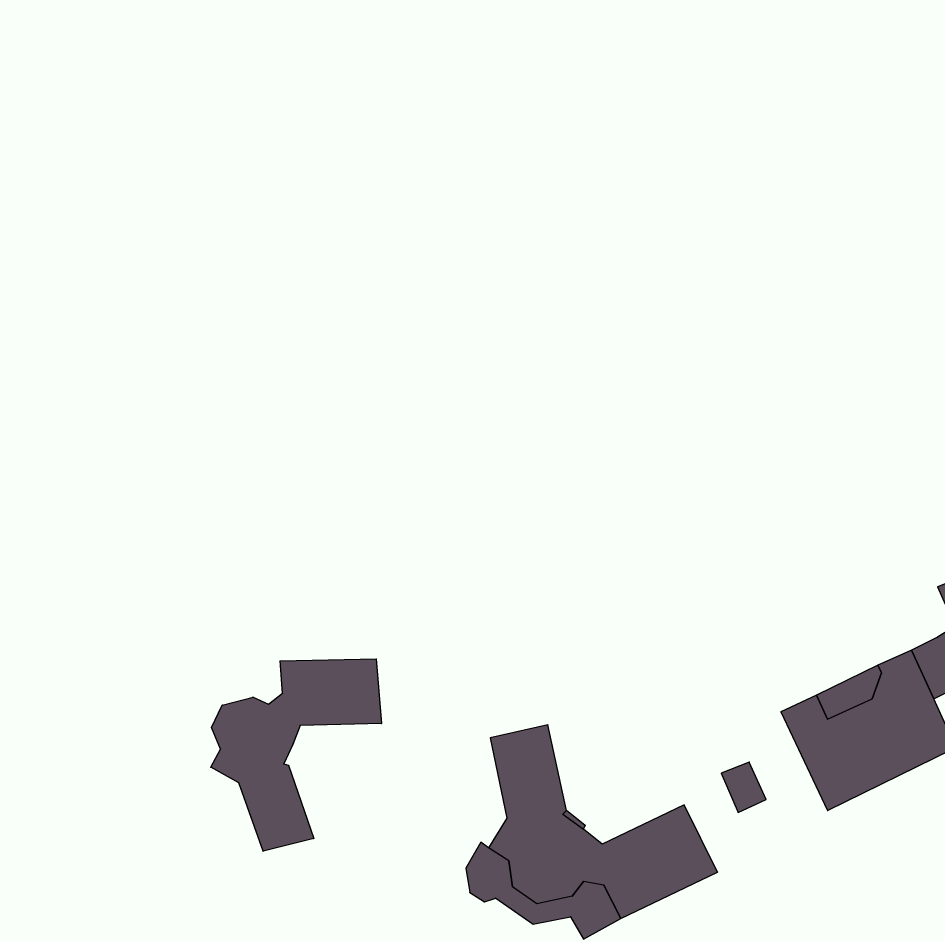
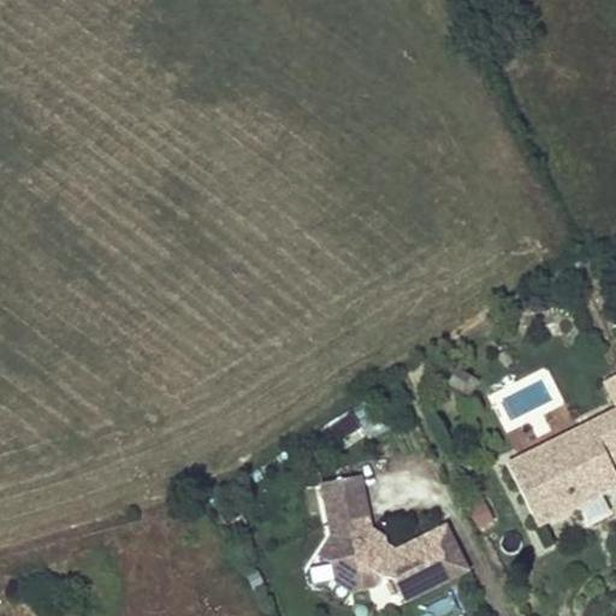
building: [211,659,381,851] -> none

